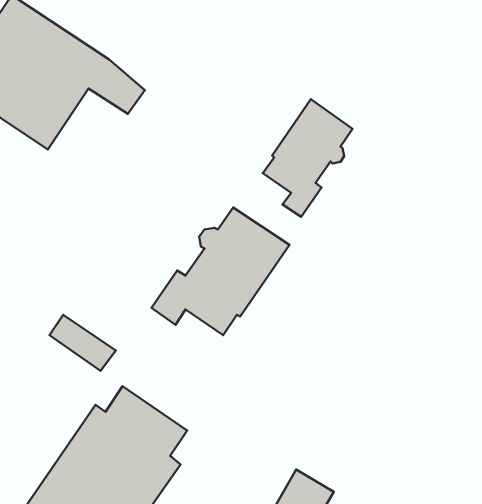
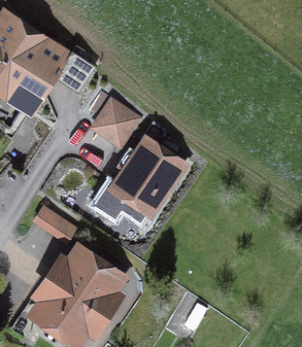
building: [263,99,352,217] -> none
building: none -> [94,101,137,143]

